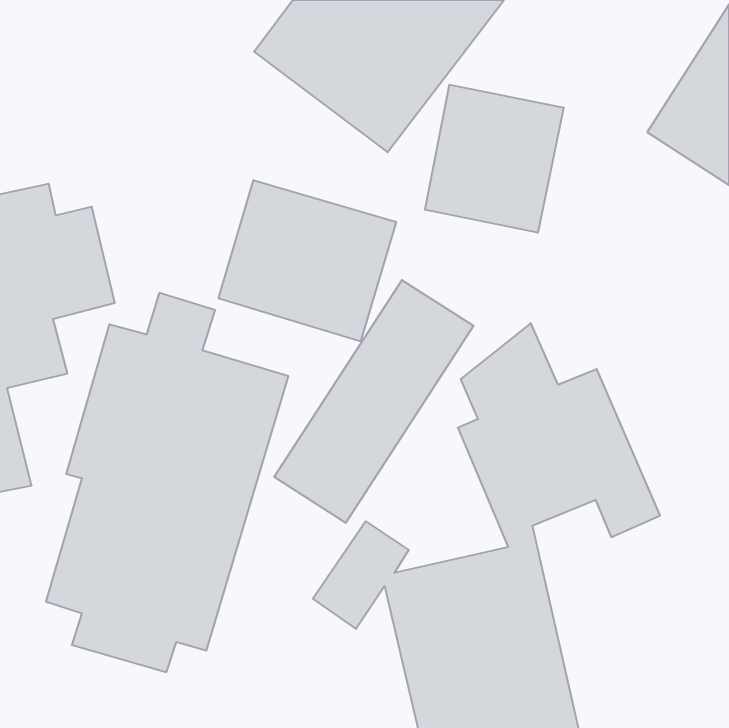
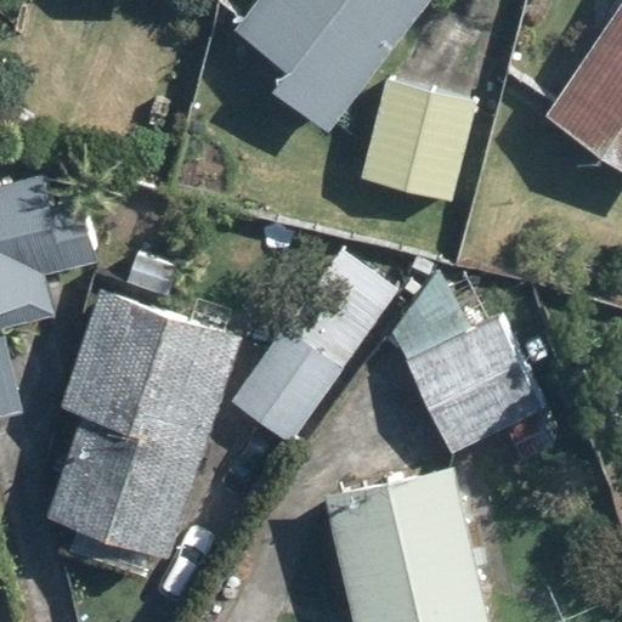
building: [219,180,396,341] -> none

